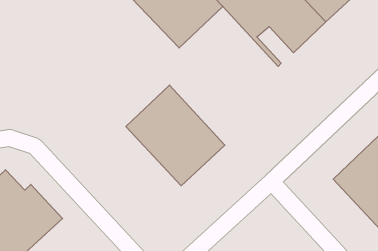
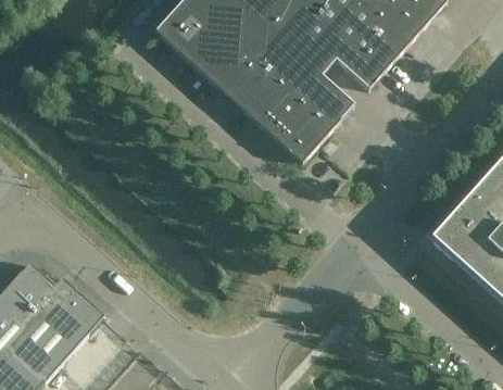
building: [126,85,225,186] -> [228,40,351,162]

